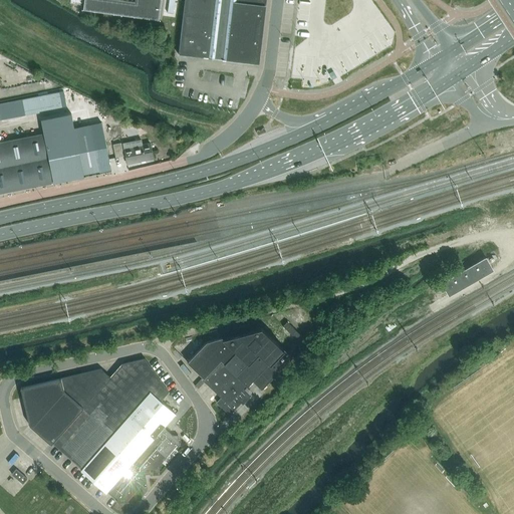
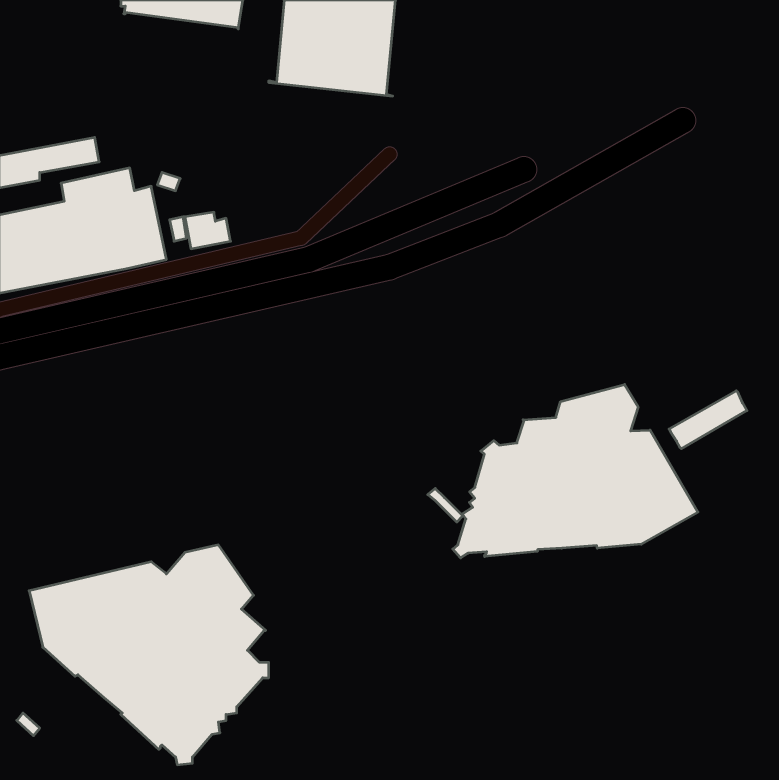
building: none -> [453,384,698,558]
building: [186,326,291,415] -> none

